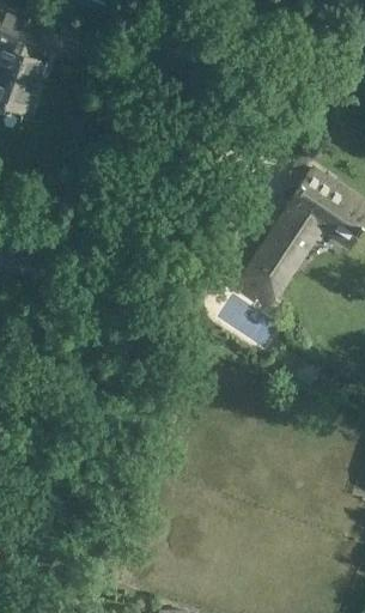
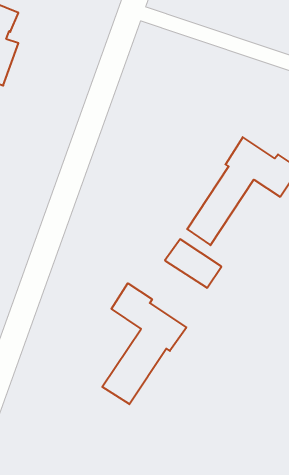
building: none -> [102,283,186,404]

